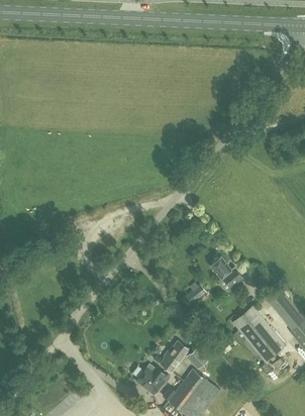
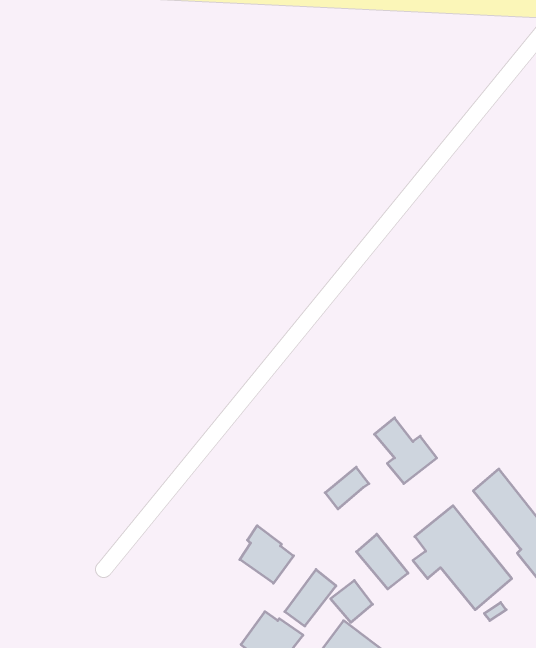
building: none -> [240,526,294,583]
building: none -> [356,534,408,589]

